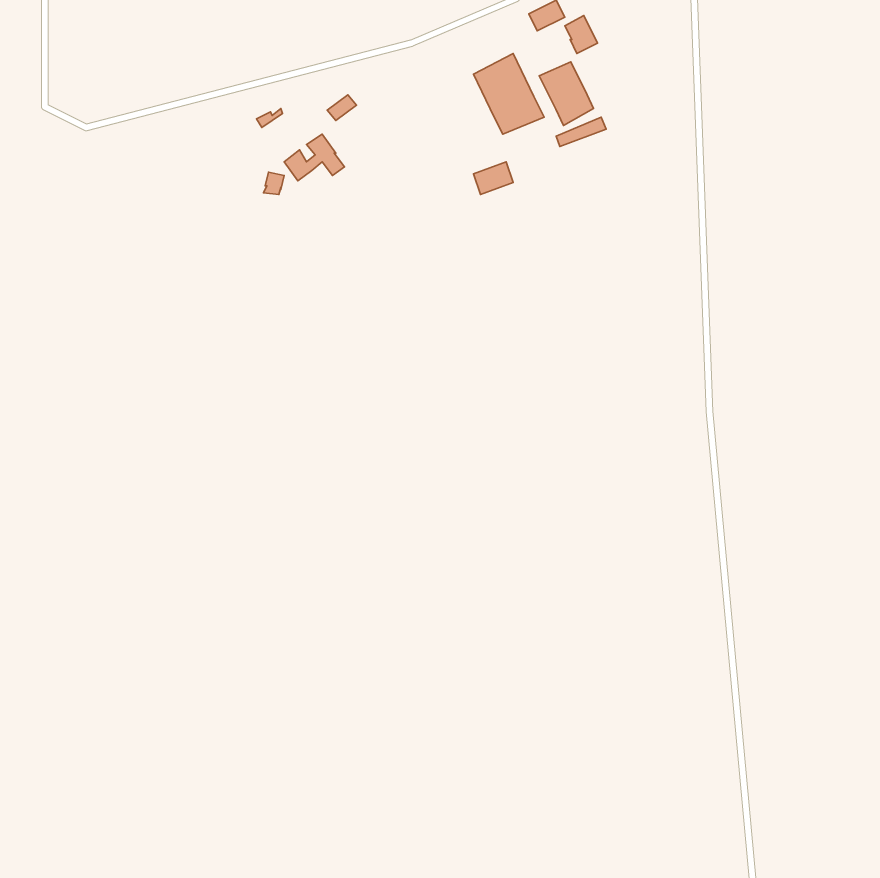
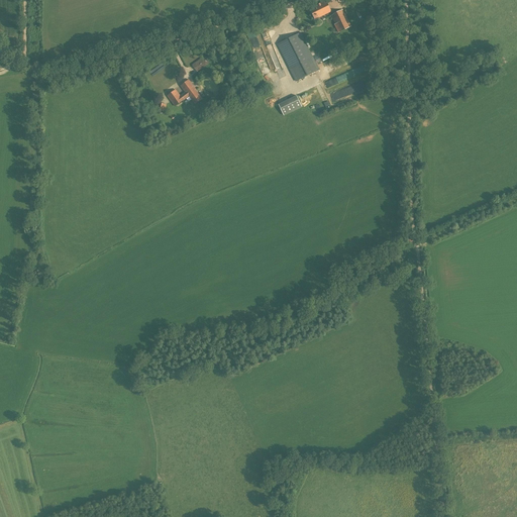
building: [539,62,593,125] -> none

